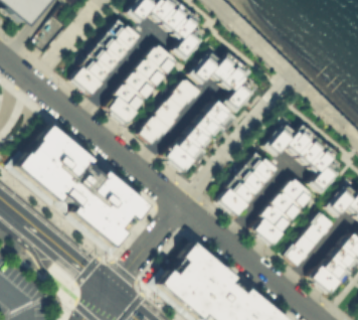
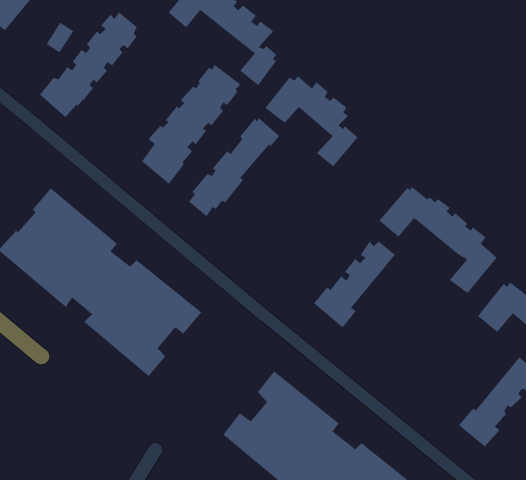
building: [73,25,137,94] -> [39,12,138,118]
building: [167,101,228,172] -> none
building: [255,178,311,245] -> none
building: [286,213,333,266] -> none

